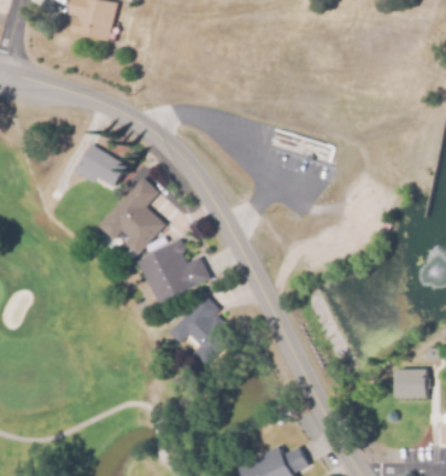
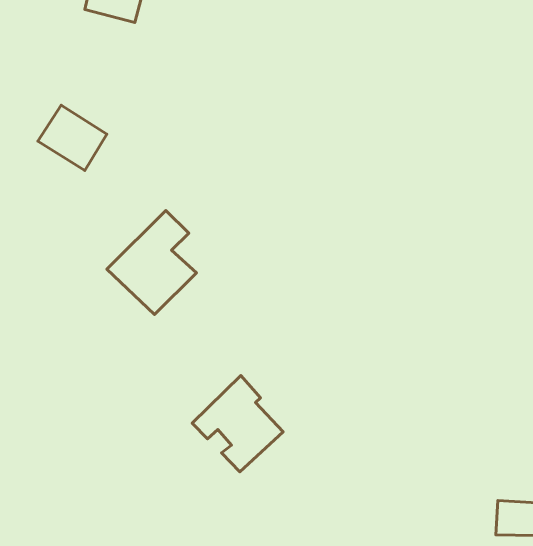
building: [76,142,127,189] -> [38,105,107,170]
building: [139,241,210,304] -> none

